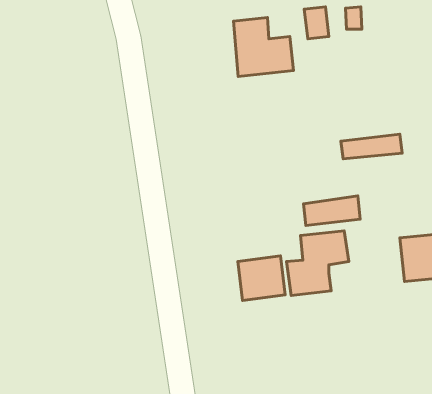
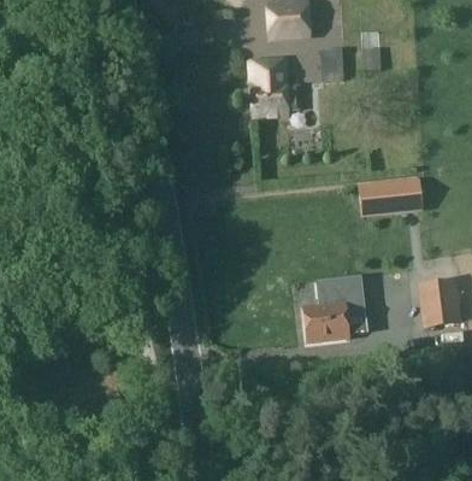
building: [304,196,360,225] -> none
building: [238,256,285,300] -> none

